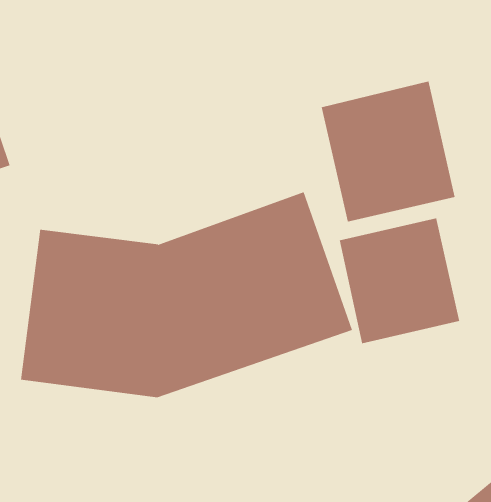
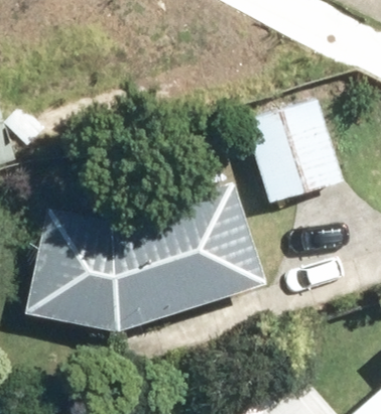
building: [339,218,460,344] -> none

